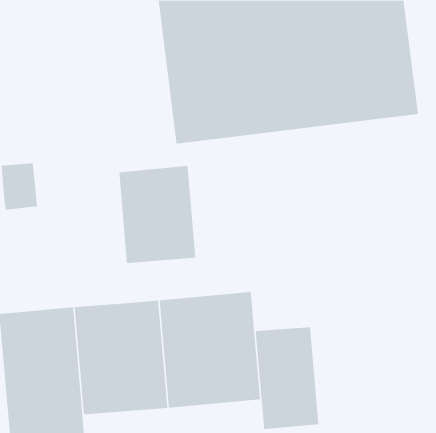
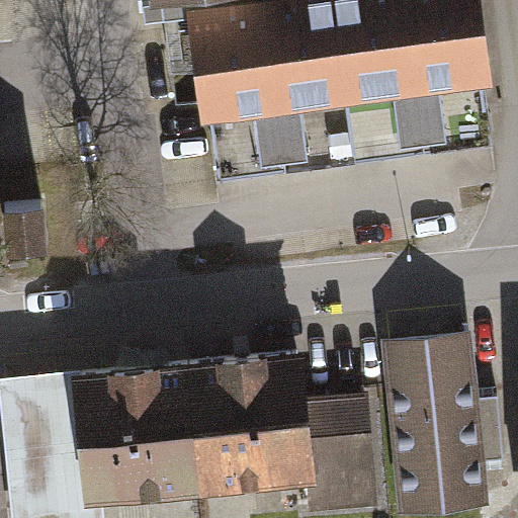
building: [119,165,196,264] -> none
building: none -> [384,328,501,509]

